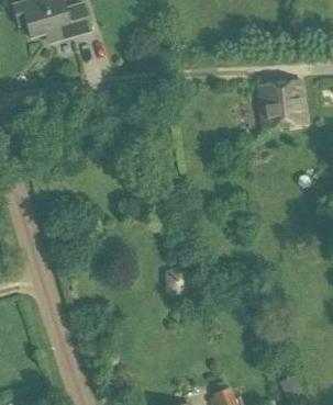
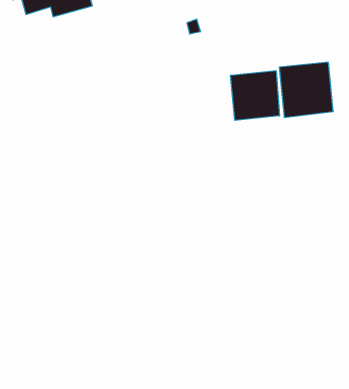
building: none -> [230,71,279,120]

